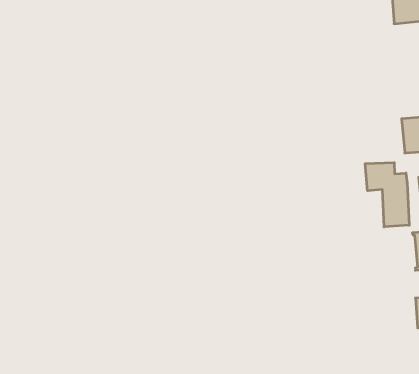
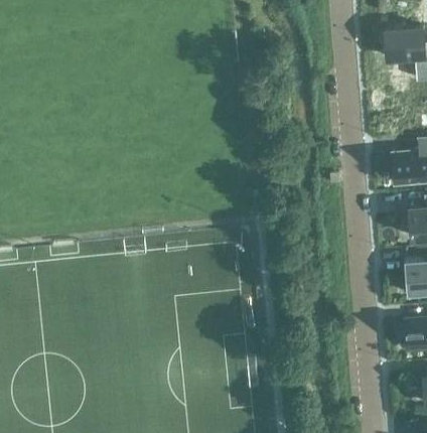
building: [365,163,409,227] -> none

